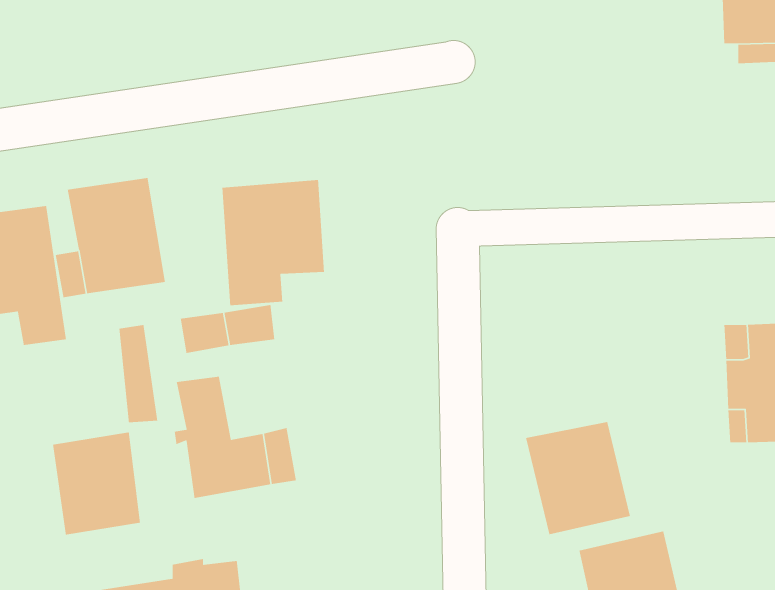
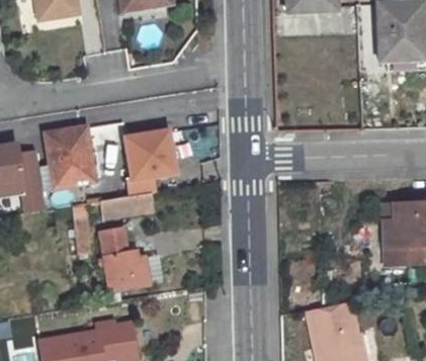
building: [525,421,631,535] -> none
building: [52,432,141,535] -> none

